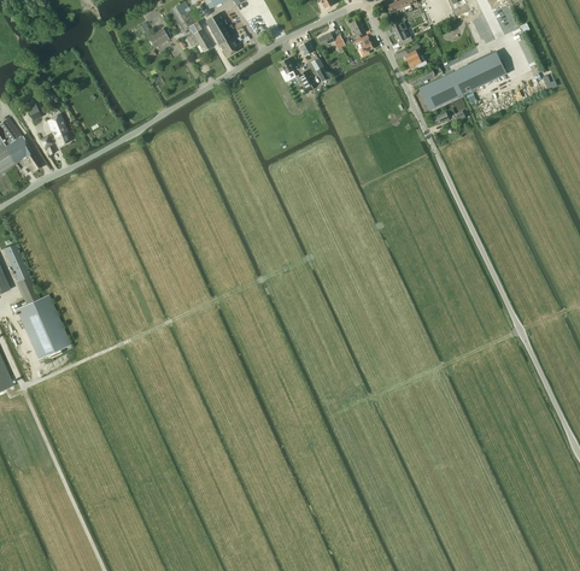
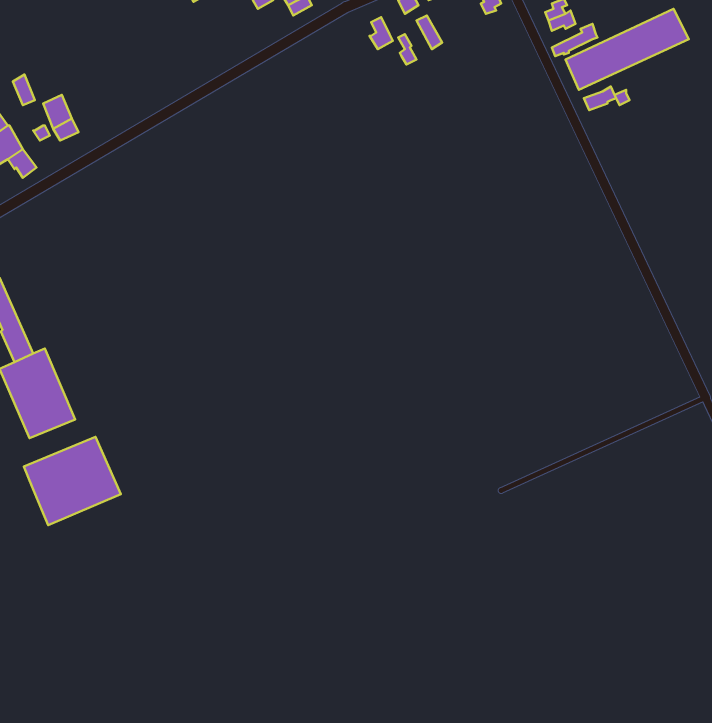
building: none -> [24,437,121,525]

